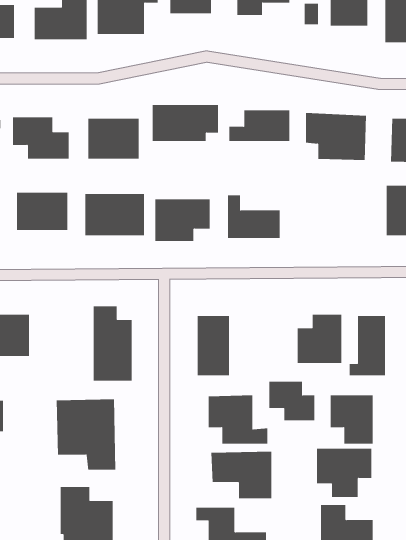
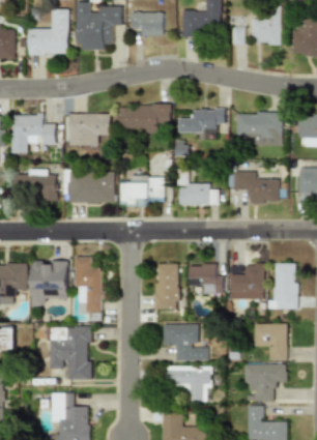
building: none -> [233,172,278,203]
building: none -> [31,260,67,306]
building: [268,381,315,421] -> [186,263,222,293]

